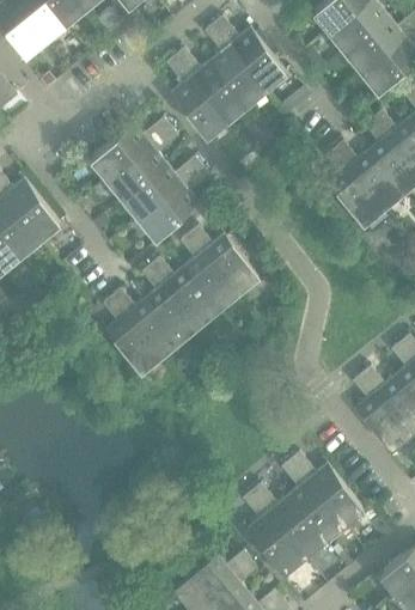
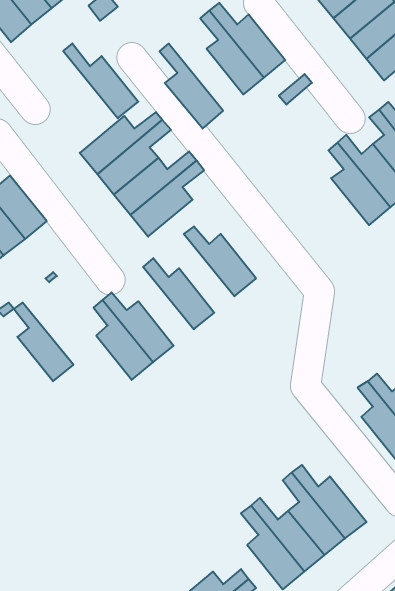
building: [176,51,246,122] -> [63,43,138,118]
building: [182,238,238,312] -> none
building: [144,269,200,343] -> [14,303,73,381]

